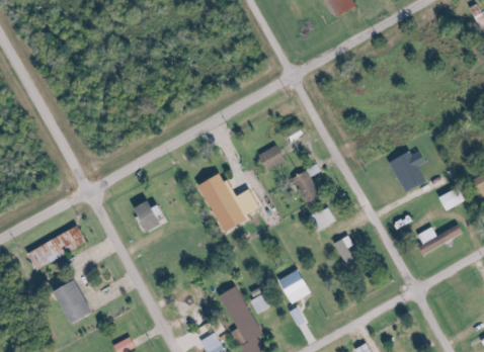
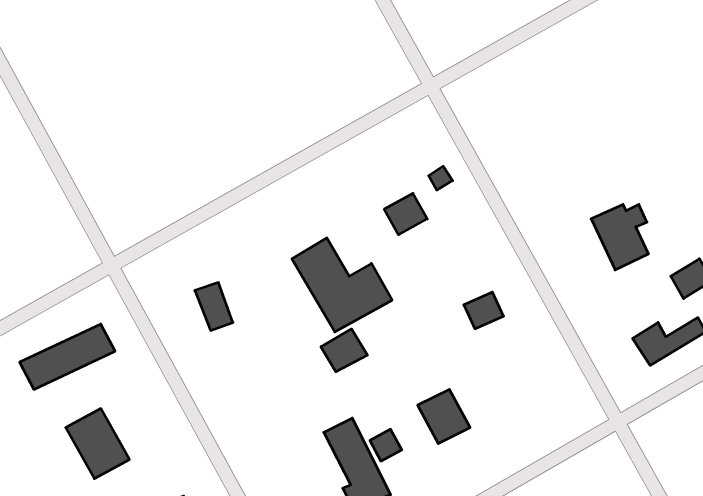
building: [289,170,321,205] -> none
building: none -> [321,329,367,372]
building: [334,236,355,269] -> none

